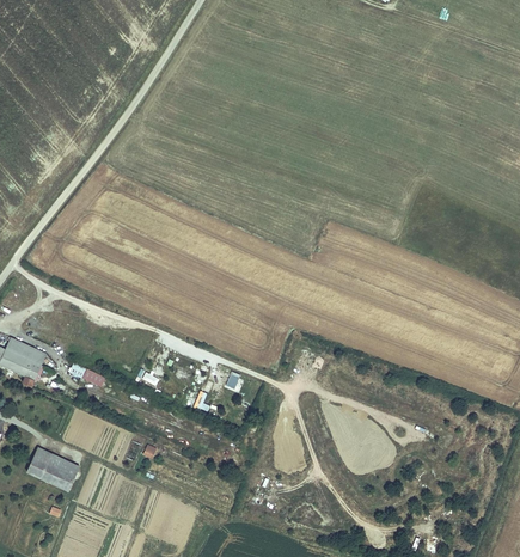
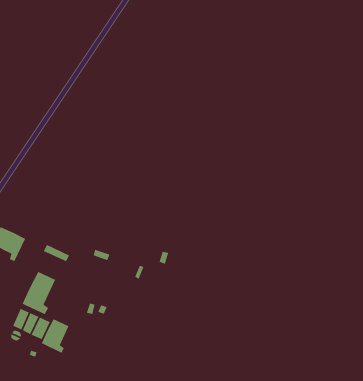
building: none -> [22,271,56,315]
building: none -> [41,318,70,354]

